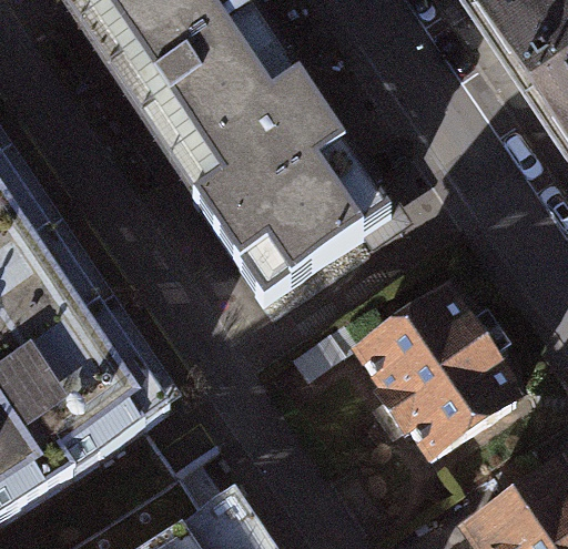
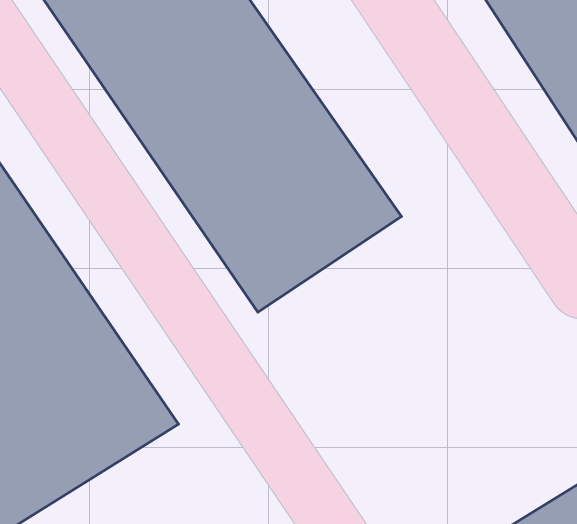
building: [338,296,526,487] -> none

